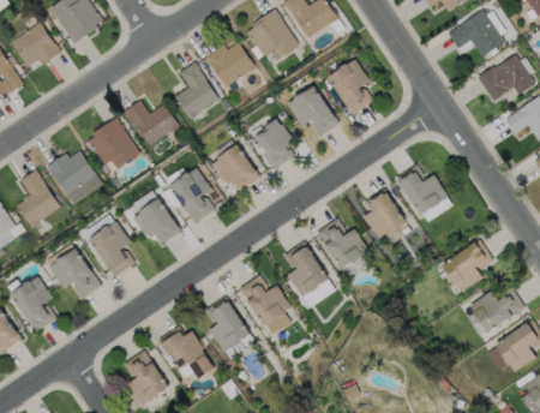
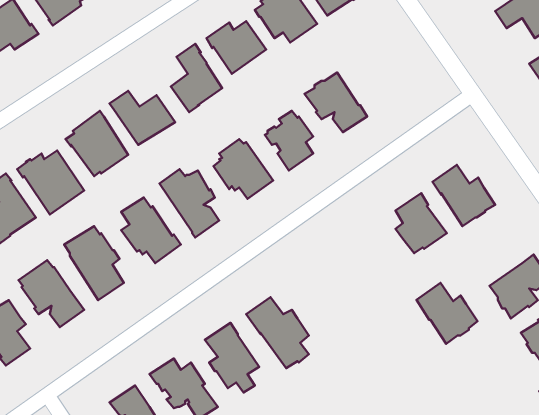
building: [328,59,373,115] -> none
building: [317,217,368,269] -> [416,283,477,344]
building: [282,241,329,297] -> none

